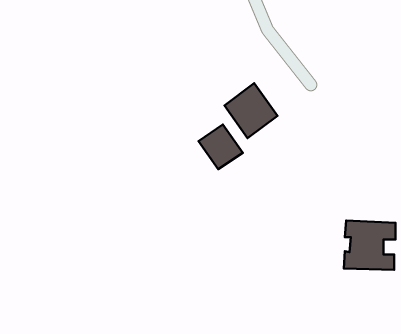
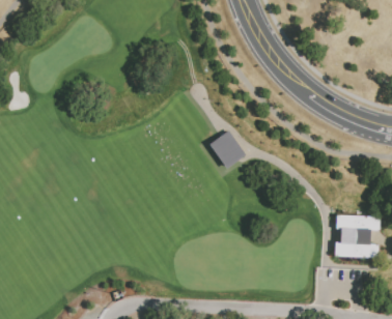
building: [224,83,278,138] -> none

